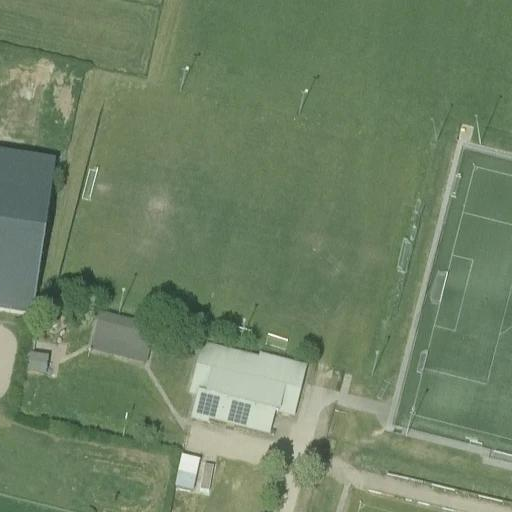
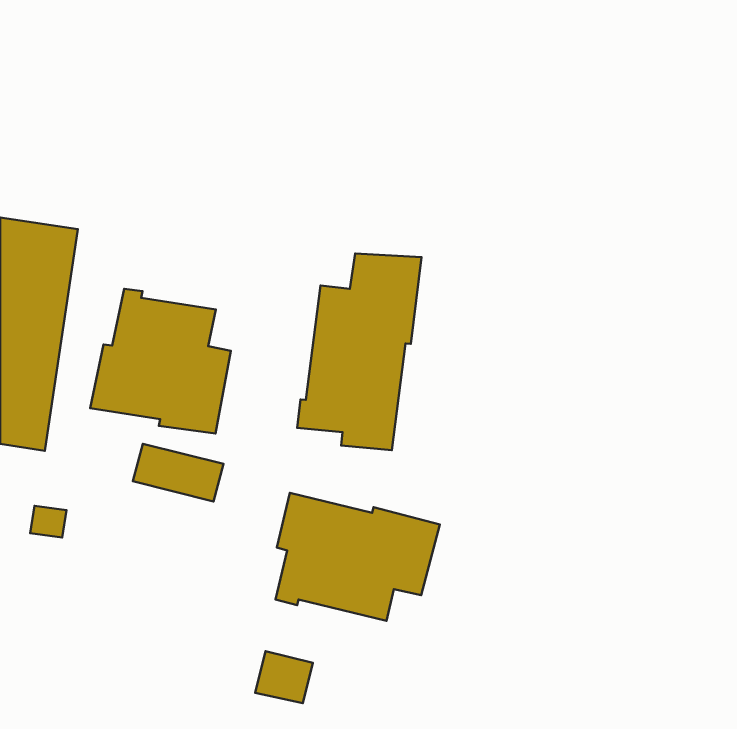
building: none -> [297,253,421,450]
building: none -> [90,289,231,433]

